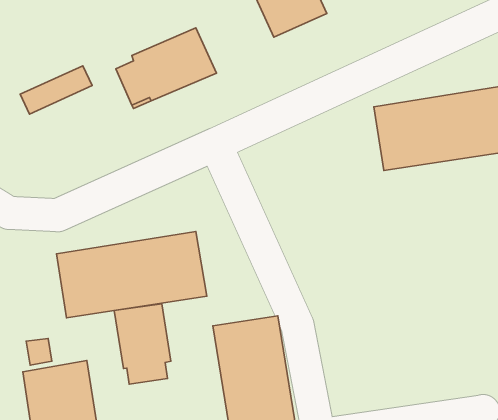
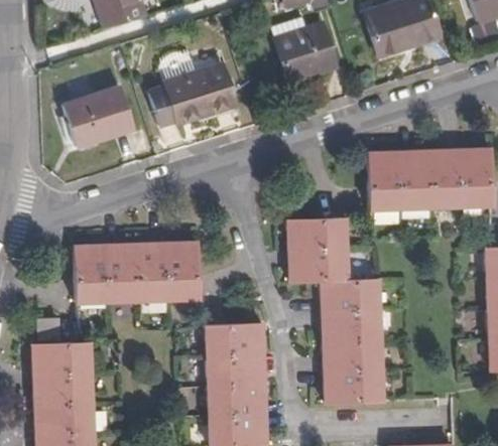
building: none -> [68,105,132,145]
building: none -> [287,217,382,403]
building: [114,304,171,384] -> none

